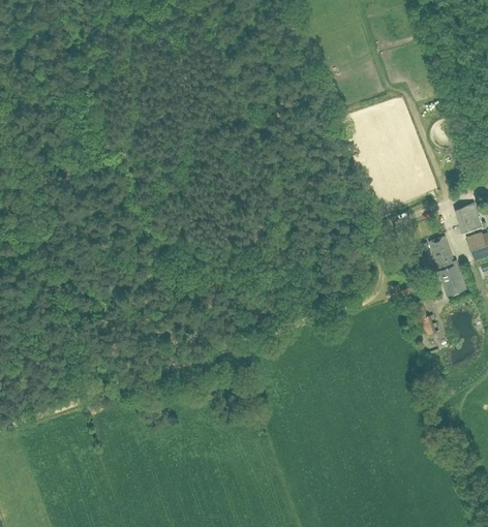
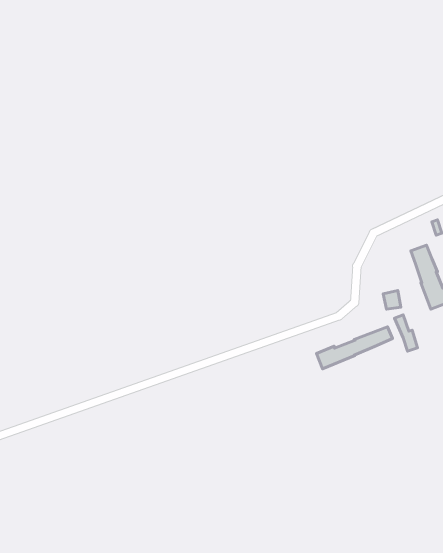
building: none -> [316,327,393,369]

